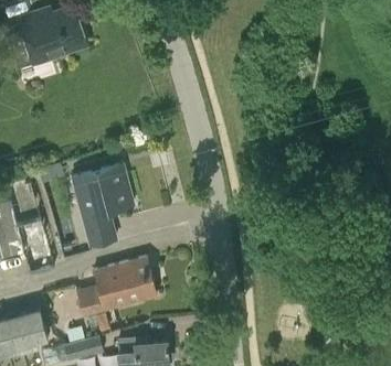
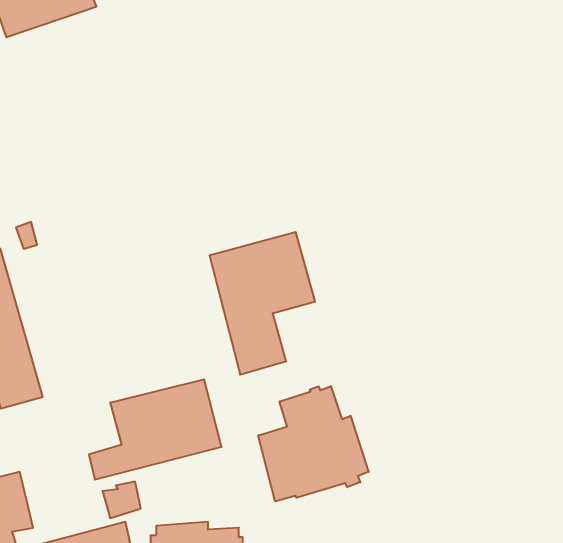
building: [72,163,133,245] -> [209,232,315,375]
building: none -> [258,386,369,501]

